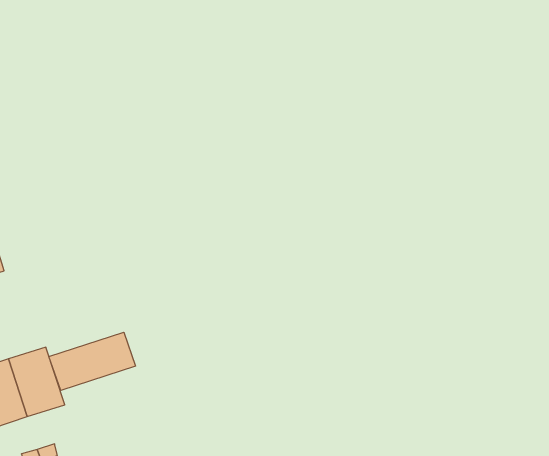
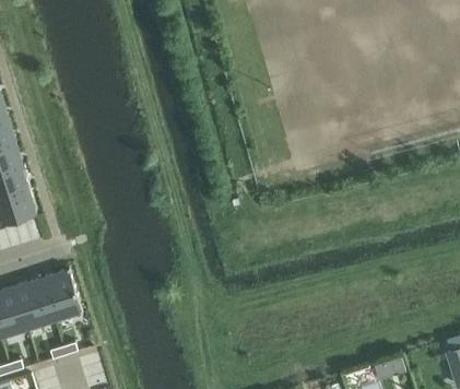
building: [49,332,136,390] -> none

